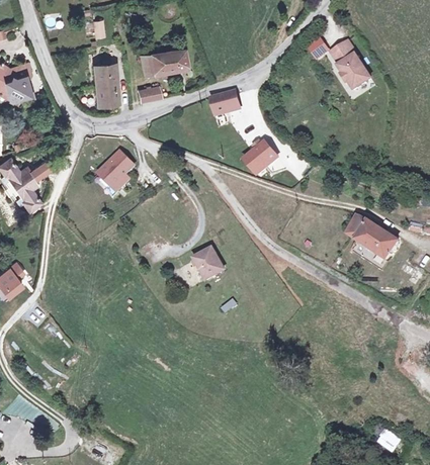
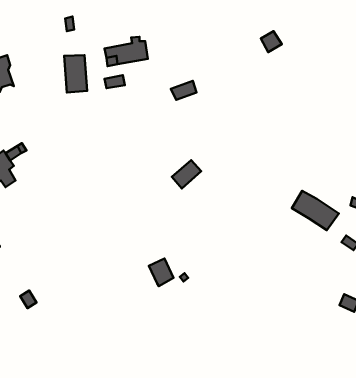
building: [334,39,372,87] -> none
building: [247,146,279,177] -> [172,160,201,189]
building: [103,150,139,188] -> none
building: [196,250,224,280] -> [149,259,174,286]

